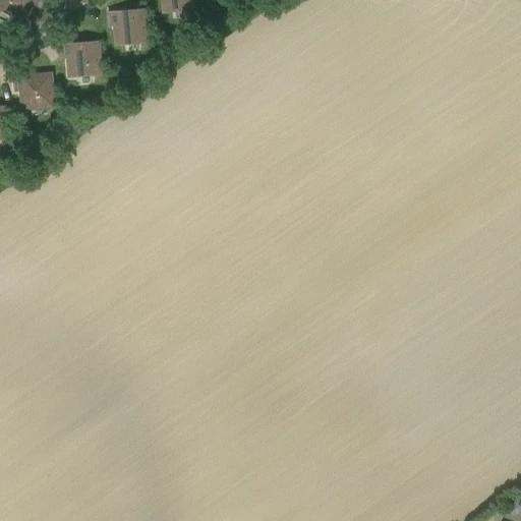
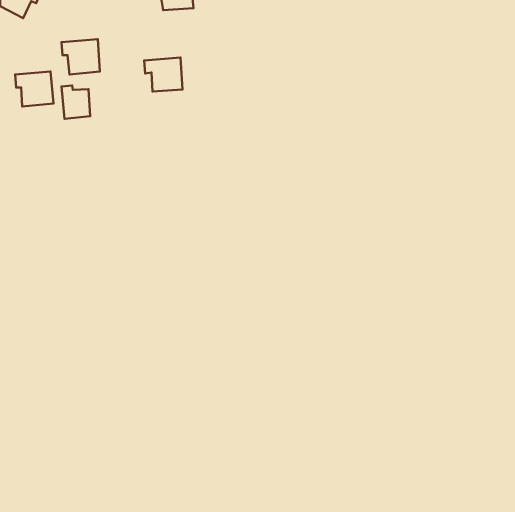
building: [109,8,148,43] -> [144,57,183,92]
building: none -> [62,86,90,119]

